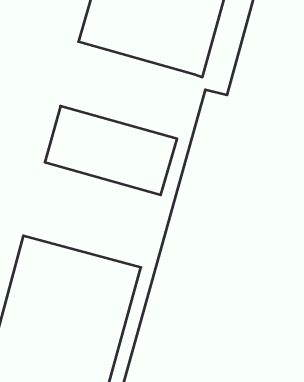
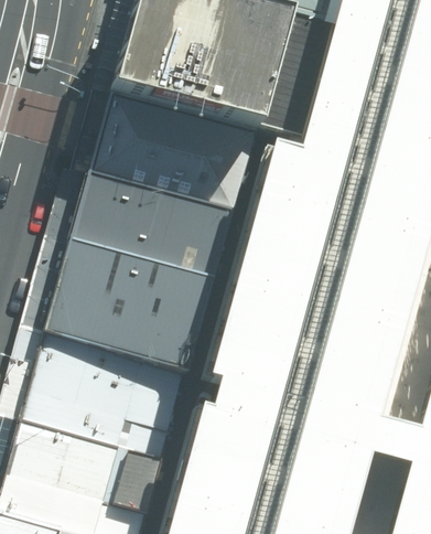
building: none -> [89,99,252,217]
building: none -> [44,246,212,374]

